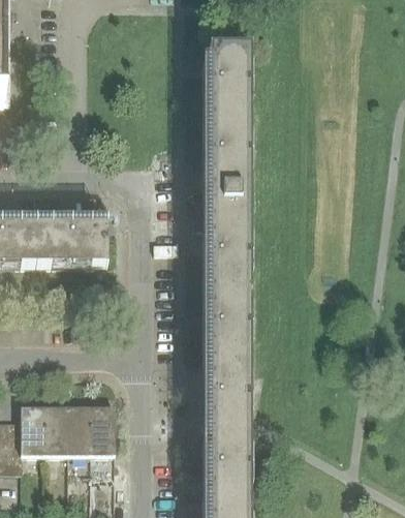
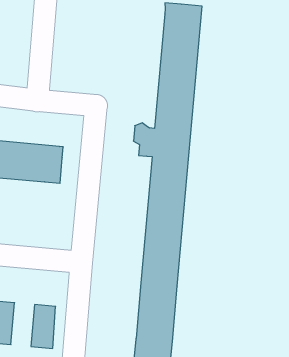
building: [66,403,89,451] -> none

